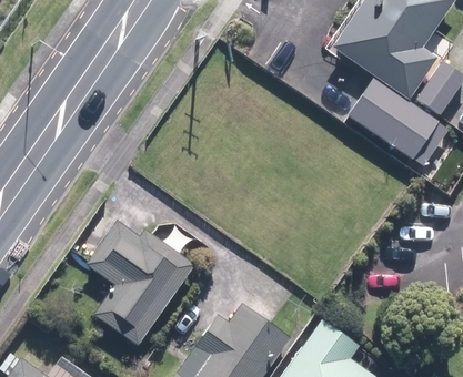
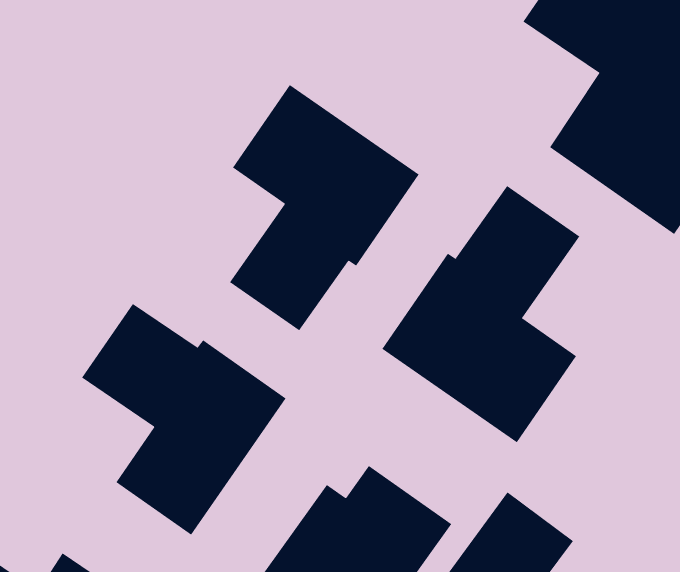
building: none -> [229,84,419,331]
building: none -> [382,185,580,443]

